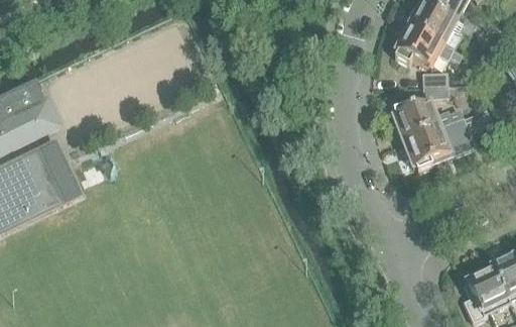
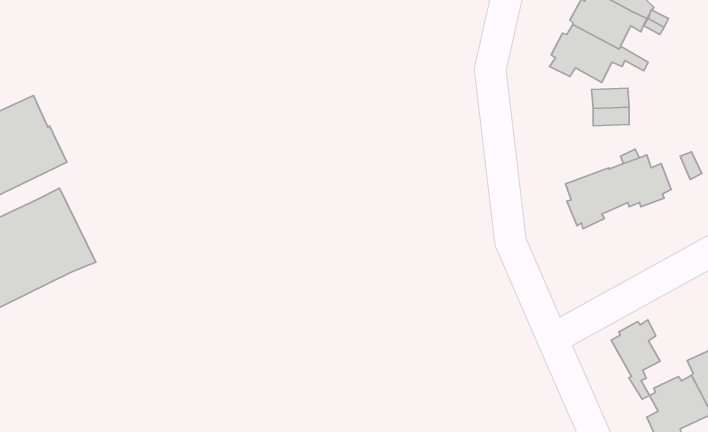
building: [392,99,435,137] -> none
building: none -> [611,320,660,399]

